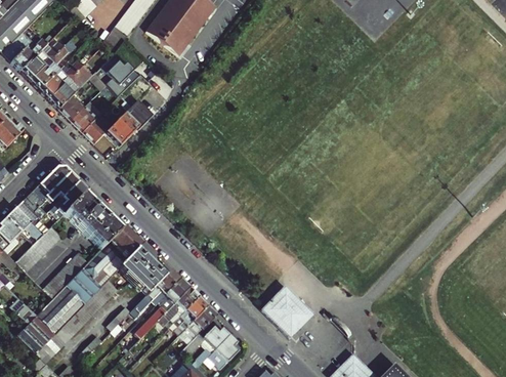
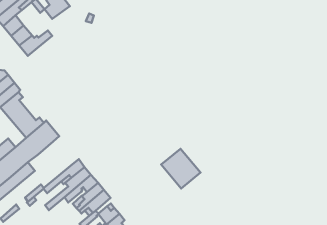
building: [104,98,153,148] -> none
building: [119,250,164,295] -> none
building: [262,287,313,337] -> [161,149,201,188]

